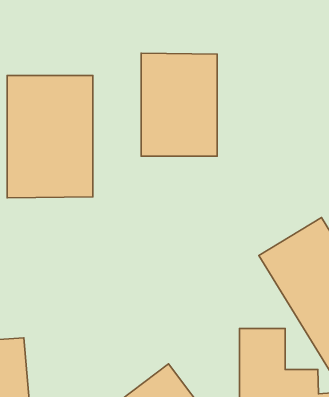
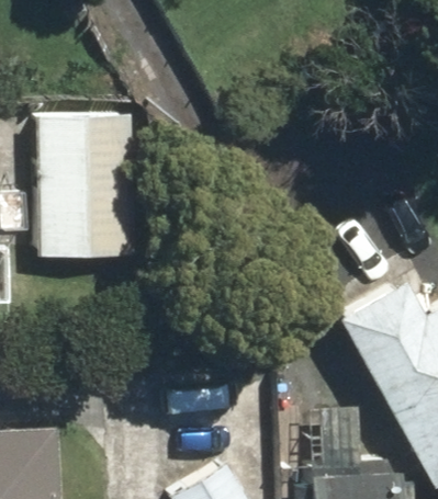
building: [141,53,217,156] -> none

